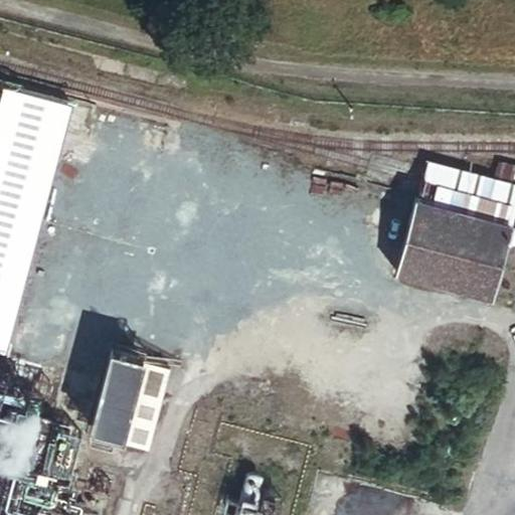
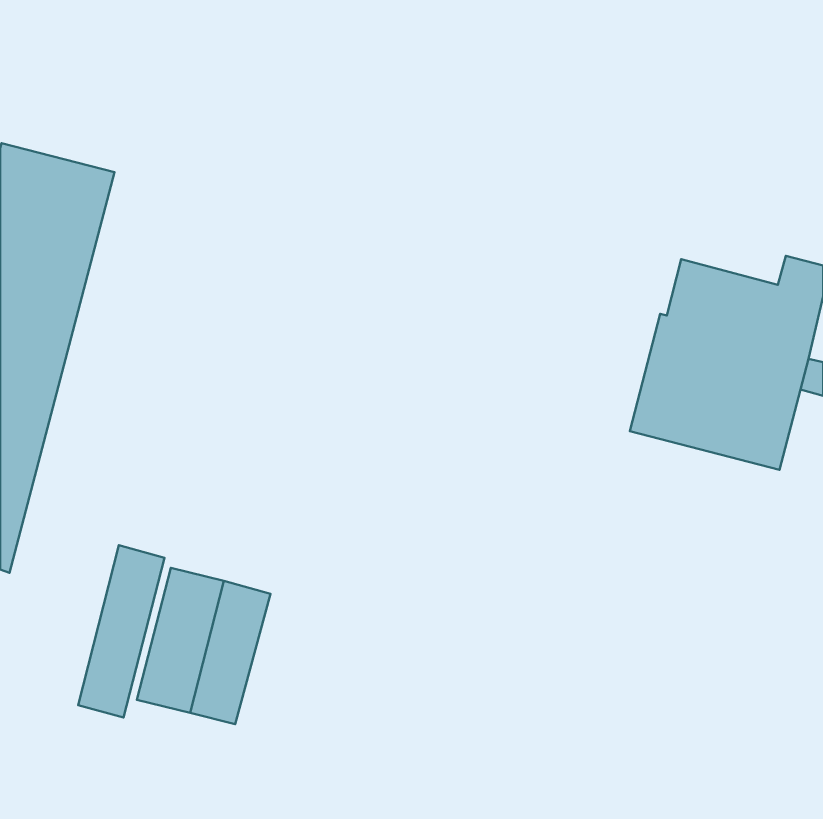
building: none -> [78,545,165,718]

